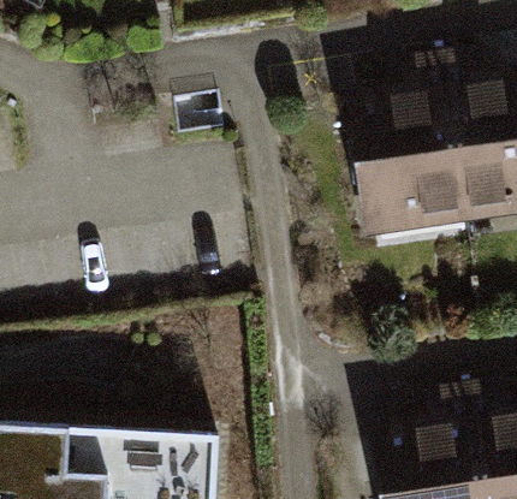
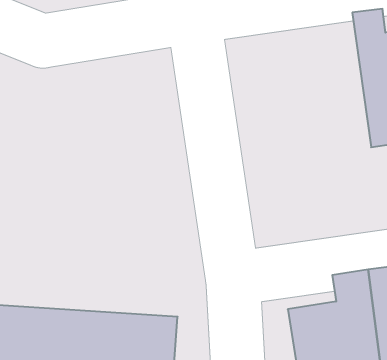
building: [352,57,475,240] -> none

